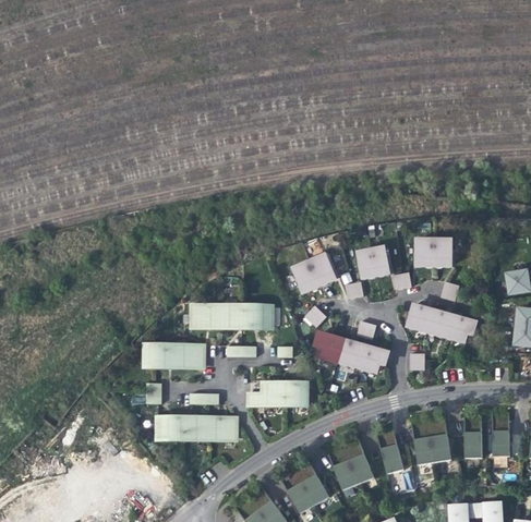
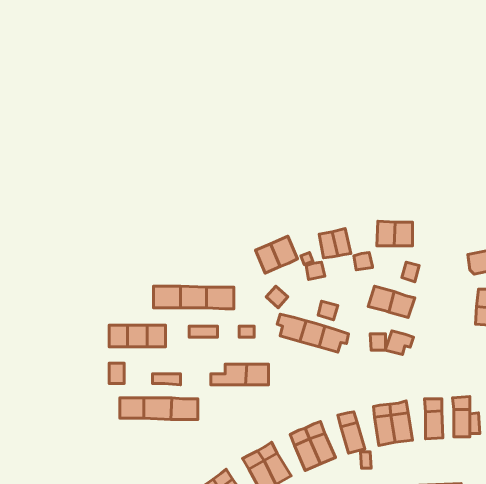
building: [447,317,475,341] -> [385,331,413,355]

